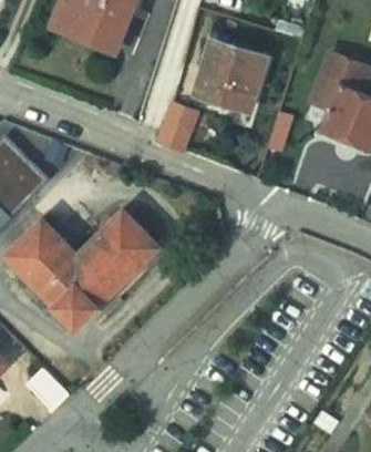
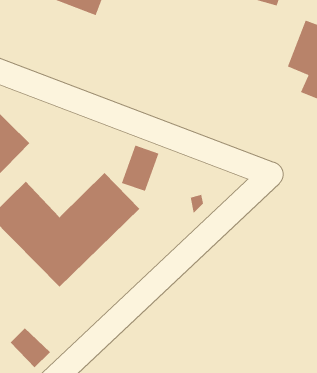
building: [193,41,265,111] -> none
building: [156,103,196,152] -> [121,145,160,192]

